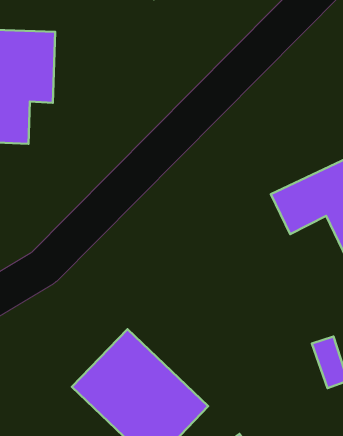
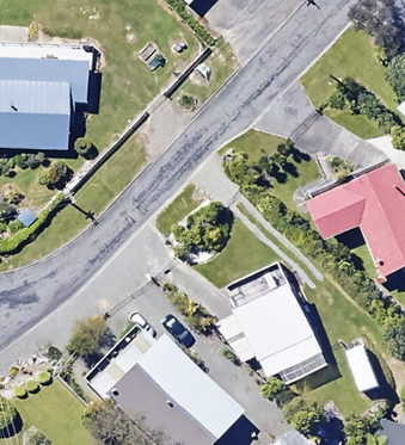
building: none -> [238,288,321,377]

